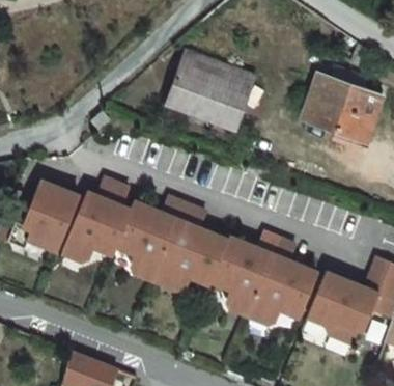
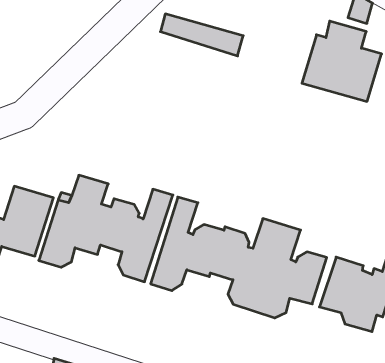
building: [167,63,249,127] -> none

